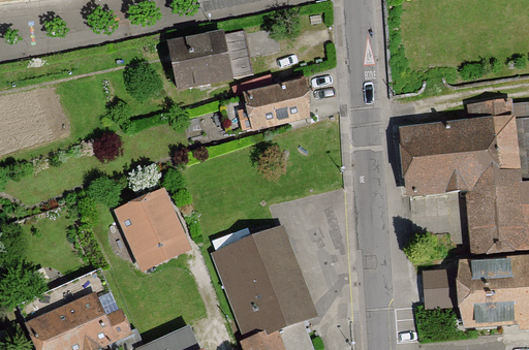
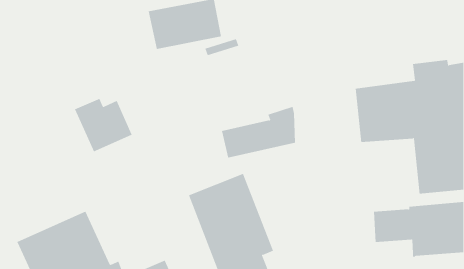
building: [222,73,307,132] -> [221,106,296,158]
building: [118,197,184,258] -> [74,98,133,152]

